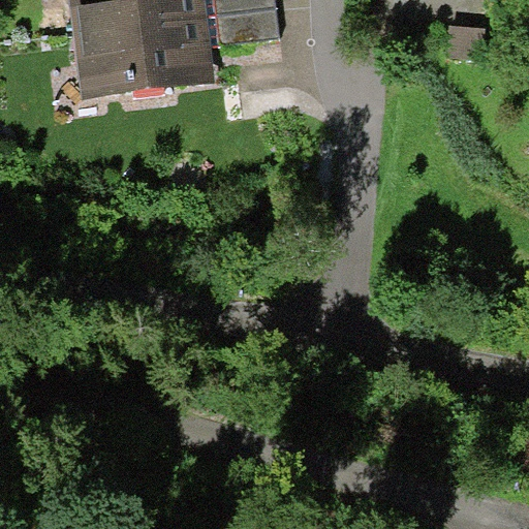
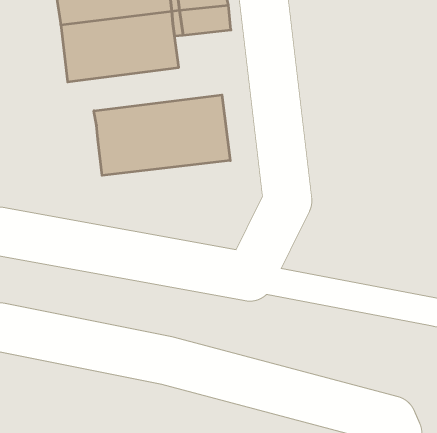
building: none -> [94,95,230,175]

